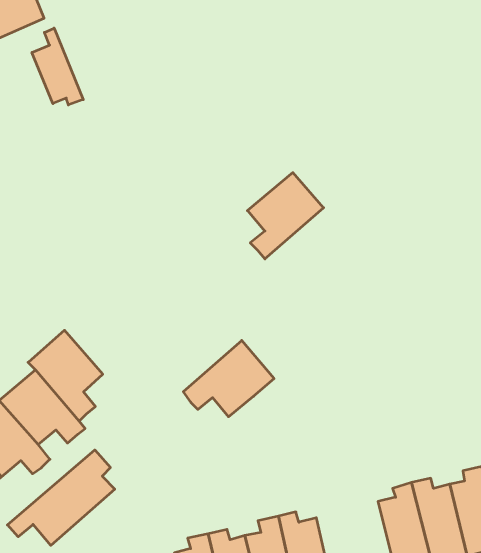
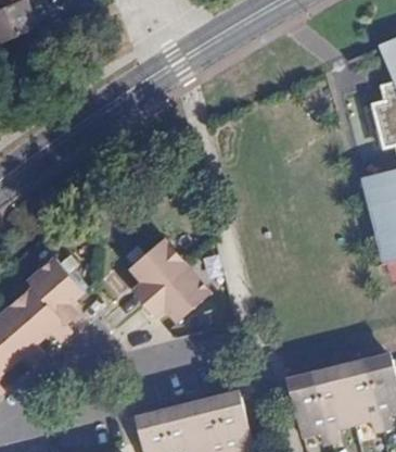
building: [32,28,83,105] -> none
building: [247,173,324,259] -> [129,237,186,301]
building: [7,450,115,545] -> none

